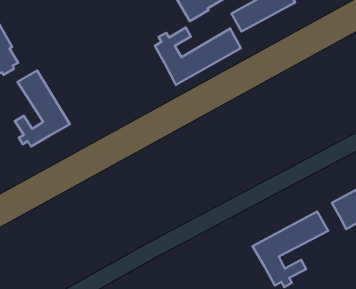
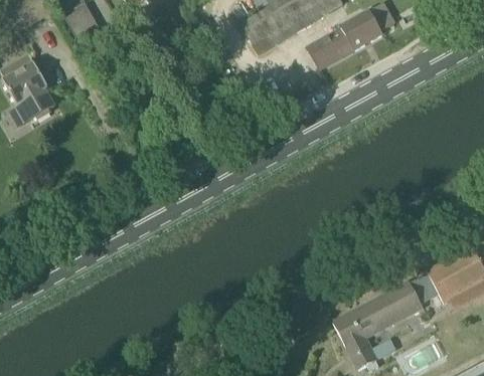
building: [155,27,241,85] -> none
building: [15,71,70,147] -> none

